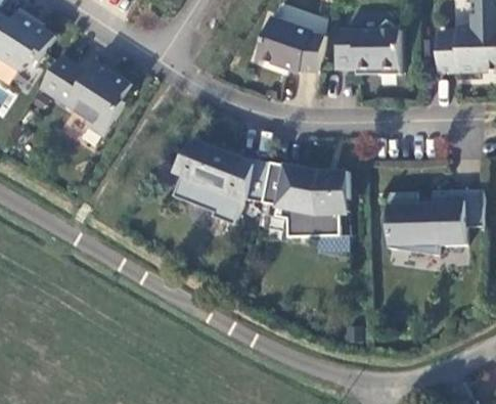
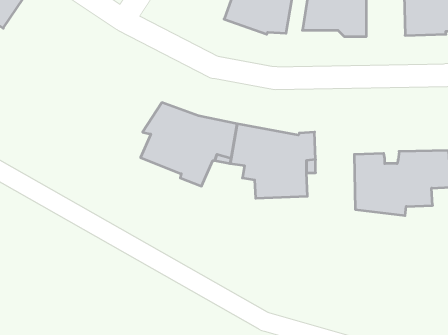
building: [40,54,130,135] -> none

